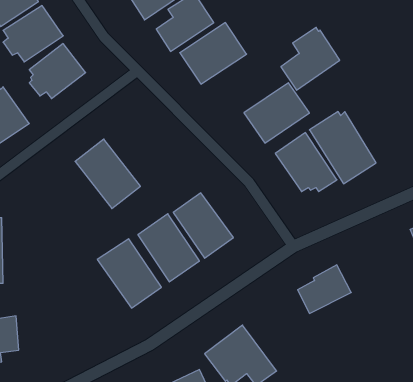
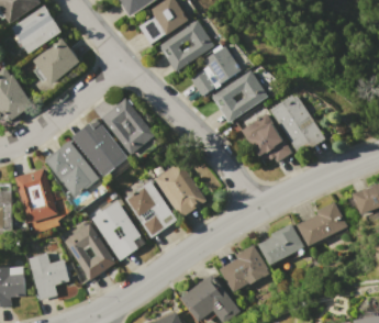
building: [281,27,340,90] -> [191,44,241,97]
building: none -> [101,98,154,154]
building: none -> [45,141,99,198]
building: none -> [13,169,56,222]
building: none -> [297,201,346,245]
building: none -> [63,223,115,280]
building: none -> [220,245,268,291]
building: none -> [27,253,69,300]

